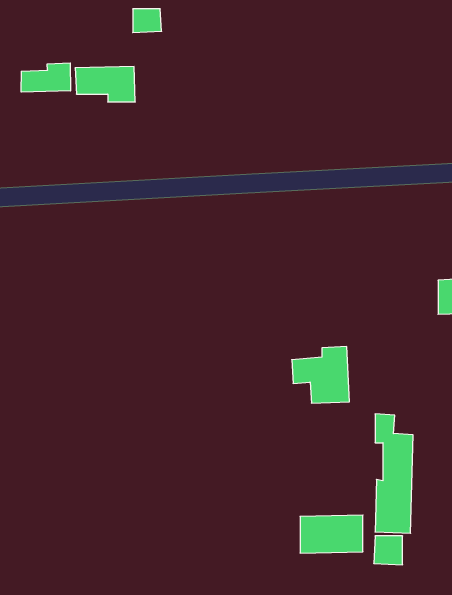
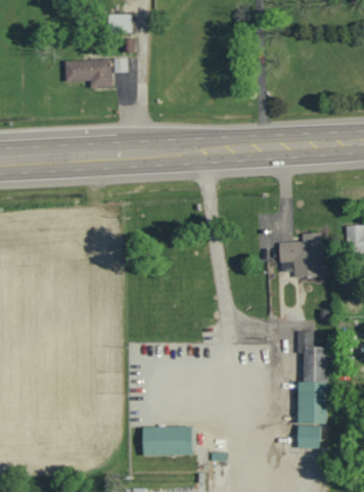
building: [21,63,70,92] -> none
building: [292,347,349,403] -> [279,233,324,277]
building: [300,515,363,553] -> [143,427,192,456]

